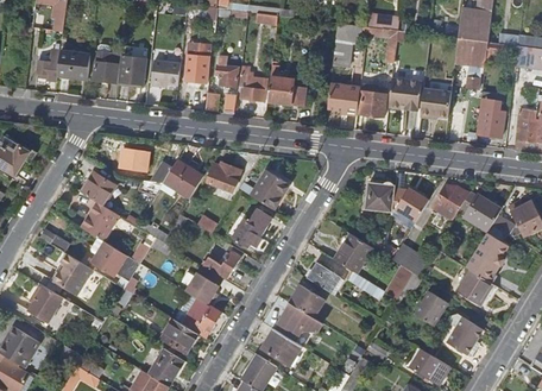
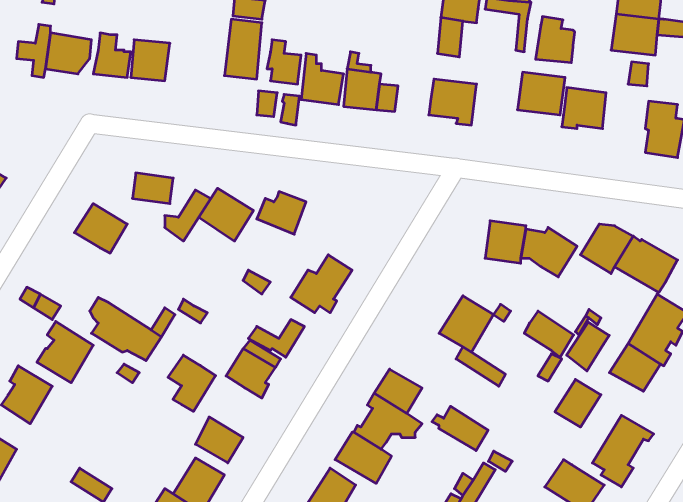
building: [151,61,181,87] -> none
building: [359,84,386,116] -> [536,17,575,63]
building: [251,169,290,209] -> none
building: [84,201,119,239] -> none
building: none -> [567,322,609,371]
building: [303,264,342,295] -> [432,406,488,451]
building: [188,298,221,338] -> [168,355,216,411]

